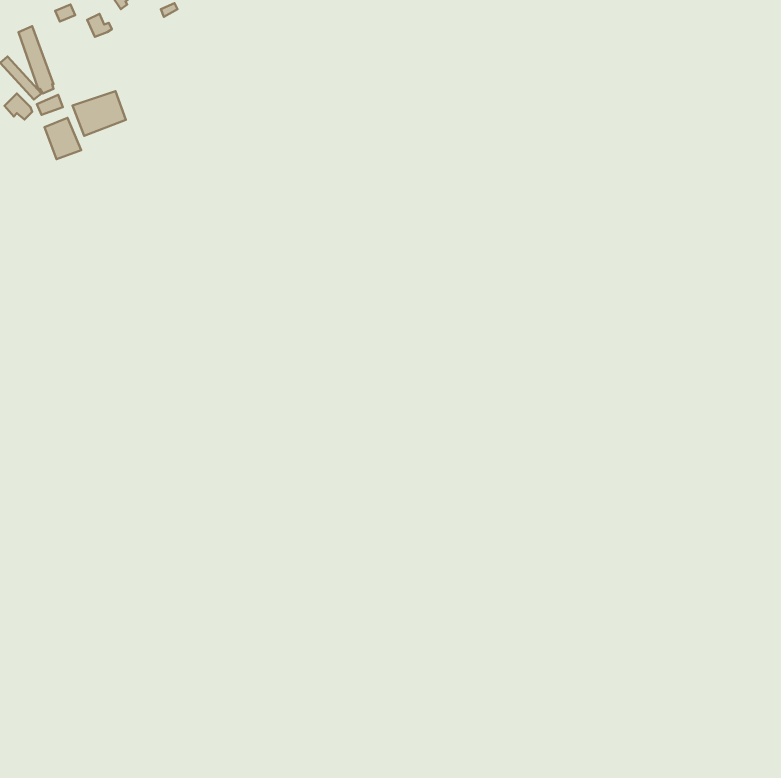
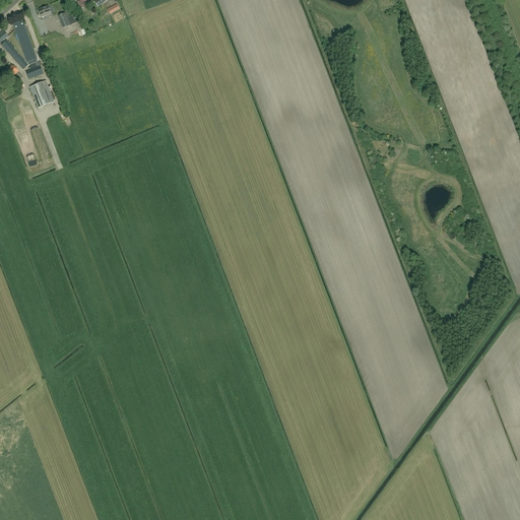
building: [72,91,126,136] -> none

